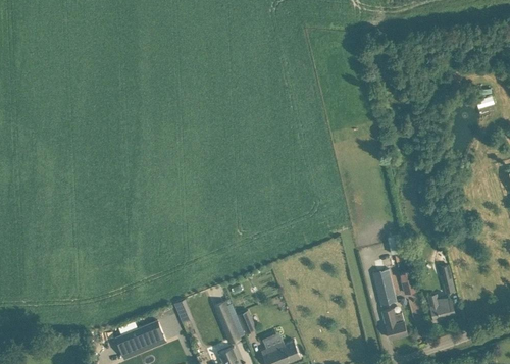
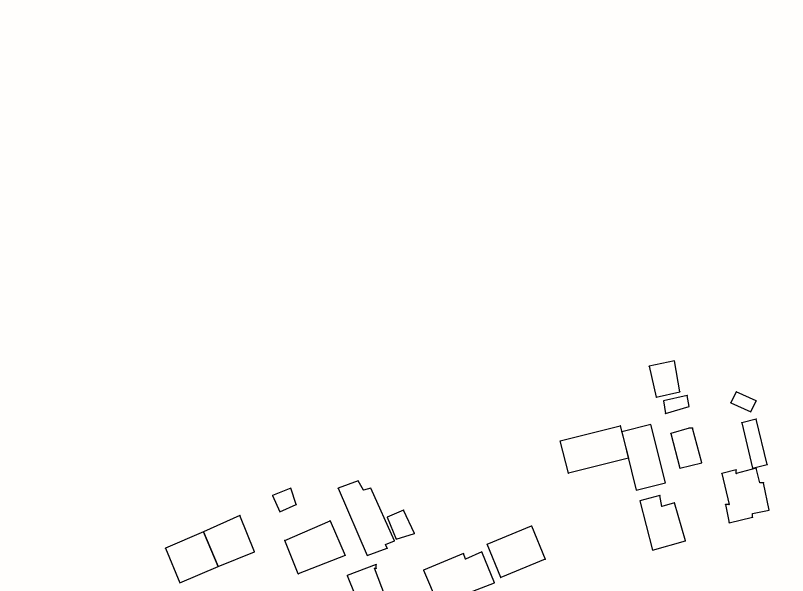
building: none -> [560,426,628,473]
building: none -> [285,521,345,574]
building: none -> [487,526,545,578]

